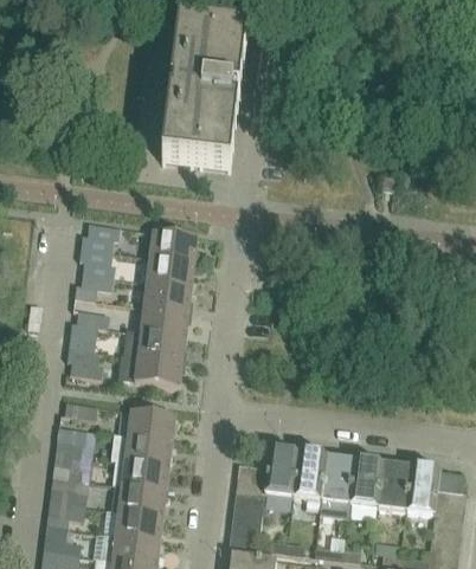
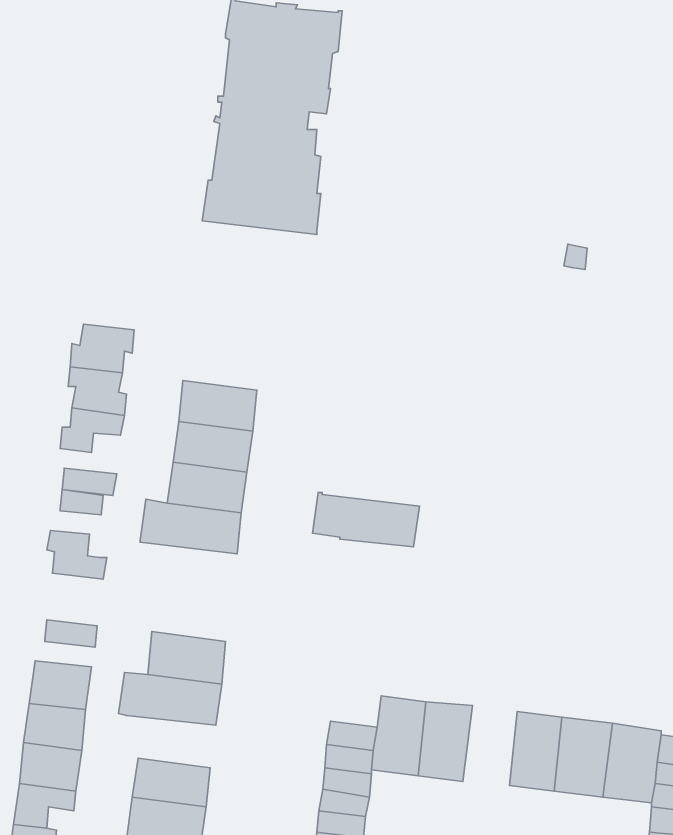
building: [149,231,198,263] -> none
building: [117,354,182,387] -> [312,492,419,547]
building: [319,454,353,515] -> none
building: [111,460,169,492] -> none

